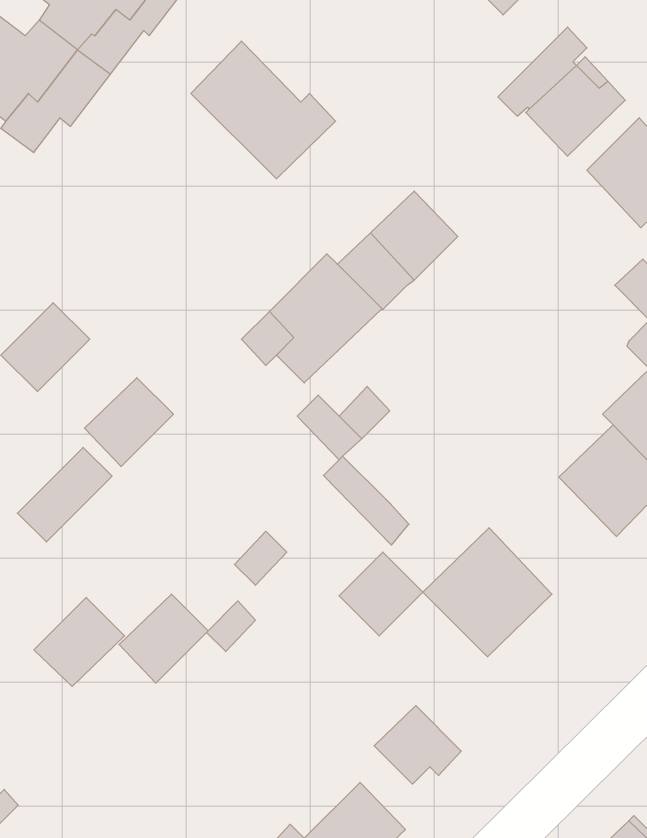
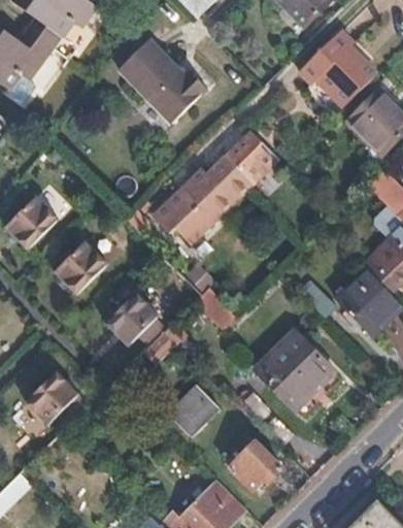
building: [17,447,112,542] -> none
building: [339,552,423,636] -> [168,387,217,436]
building: [119,594,208,683] -> [105,293,158,345]

